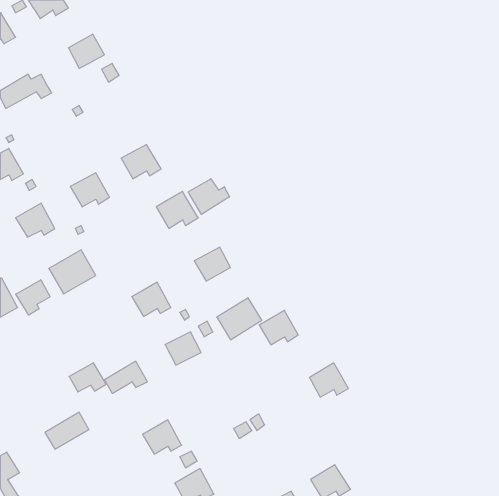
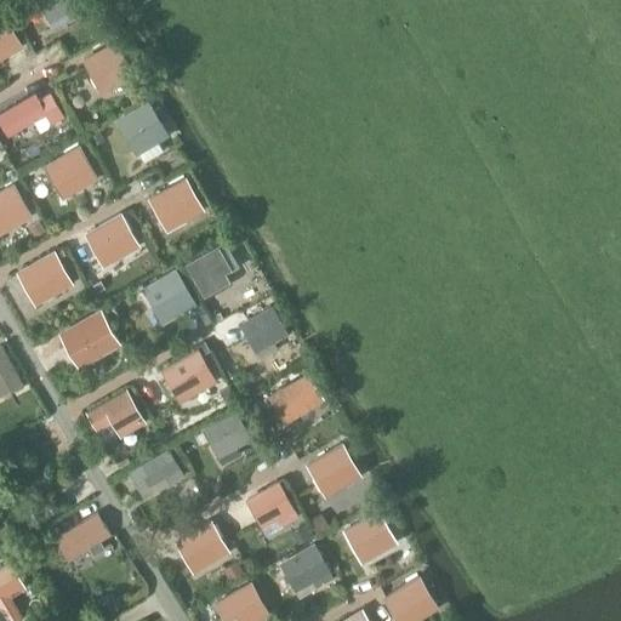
building: none -> [120,107,165,150]
building: none -> [46,150,95,193]
building: [188,179,230,214] -> none
building: none -> [143,273,192,315]
building: [16,280,50,315] -> none
building: [259,310,298,345] -> [309,449,358,491]
building: [69,363,106,392] -> [86,399,132,435]
building: [309,363,348,397] -> [346,514,394,557]
building: none -> [246,486,298,531]
building: none -> [281,548,332,593]

